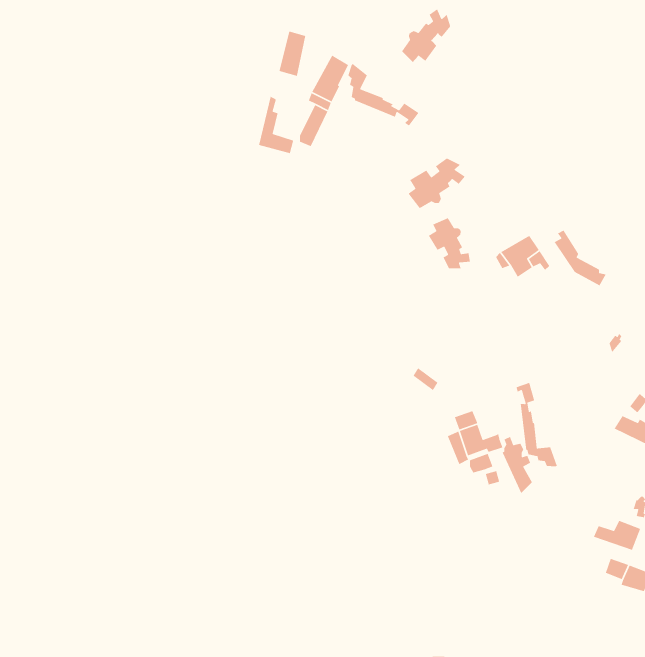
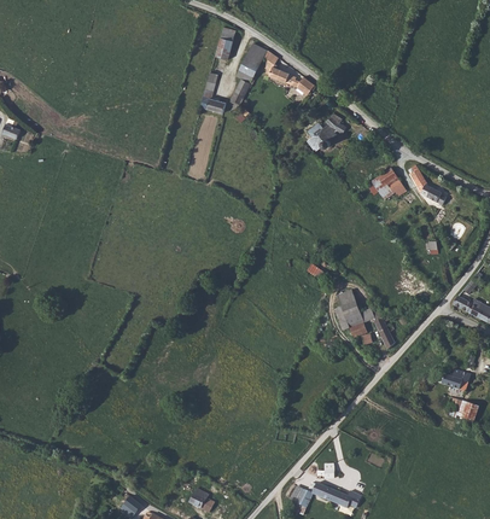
building: [401,8,451,63] -> none
building: [428,217,471,269] -> none
building: [516,382,558,467] -> none

